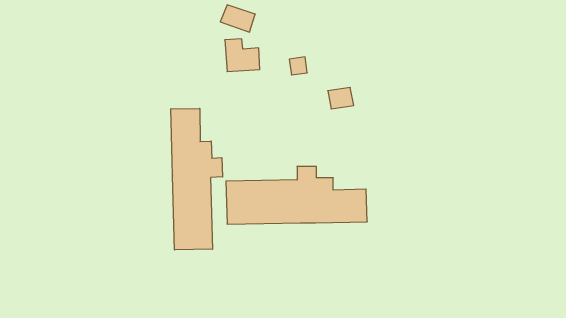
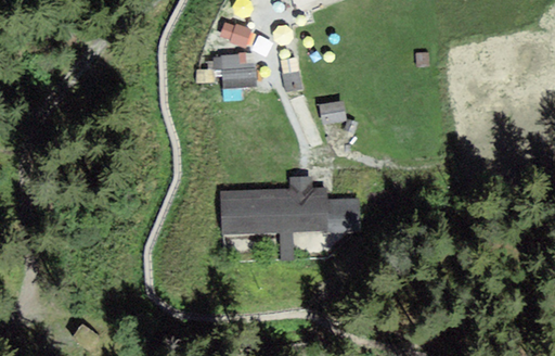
building: [171,108,223,250] -> none

